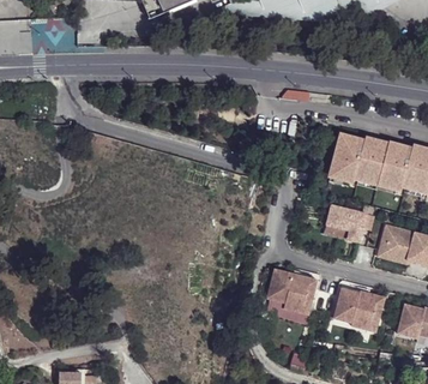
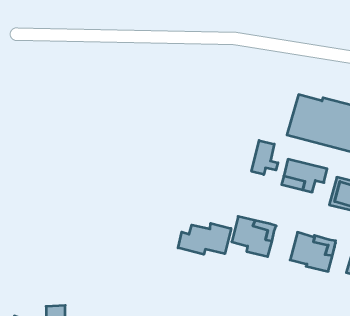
building: none -> [252,140,278,175]
building: none -> [178,223,231,254]

